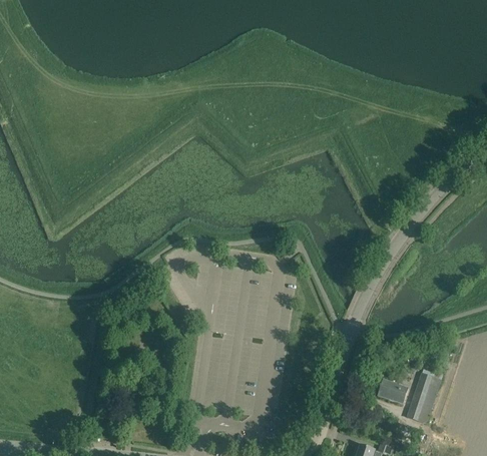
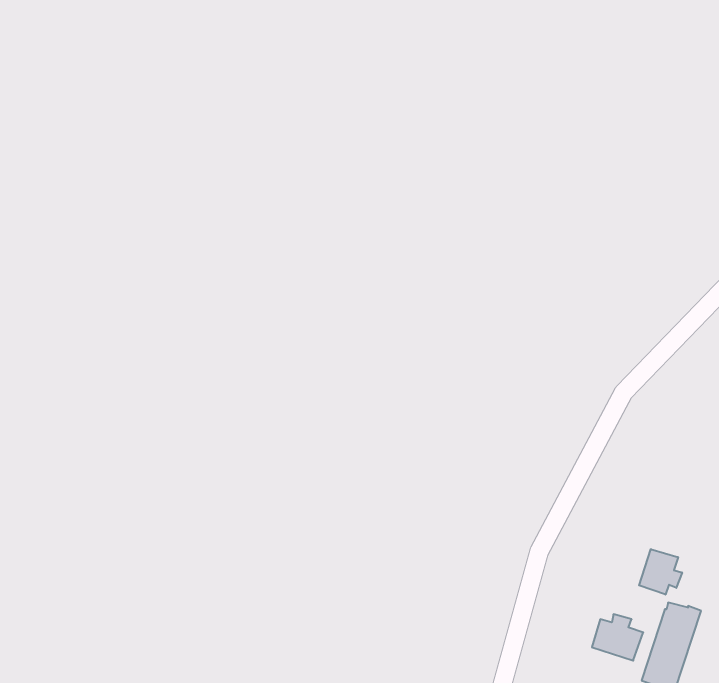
building: none -> [639,549,682,595]

